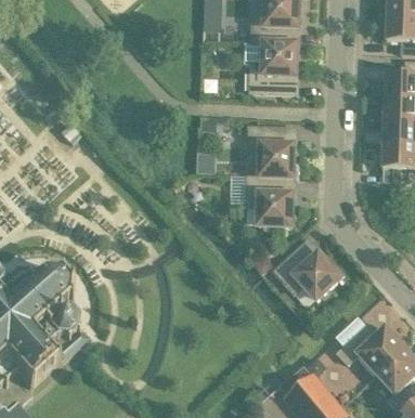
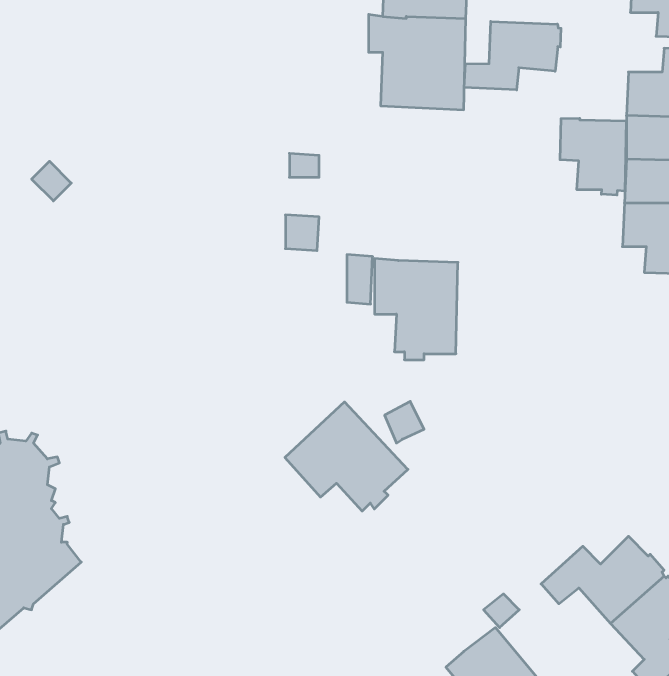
building: none -> [464,21,561,90]
building: none -> [560,118,626,195]
building: [247,125,294,175] -> none
building: [273,239,340,299] -> [285,402,408,511]

